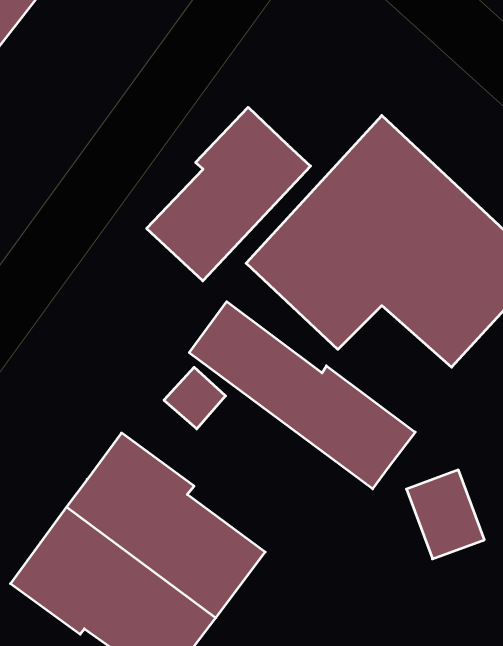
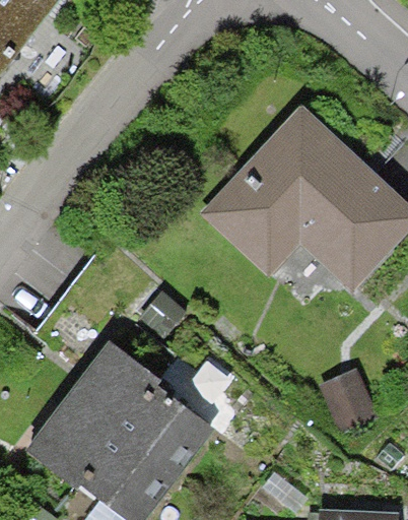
building: [147,107,311,281] -> none
building: [189,302,415,489] -> none

